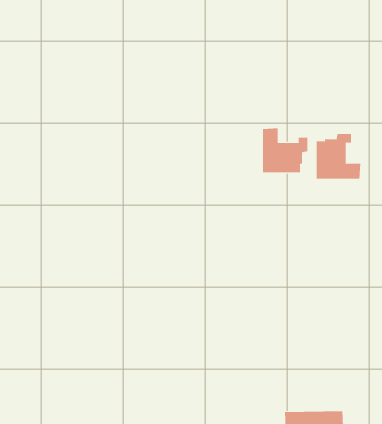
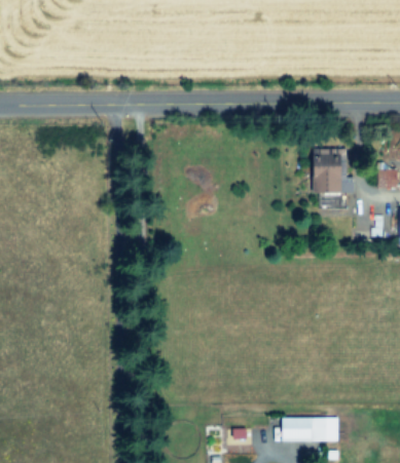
building: [262,127,308,173] -> none

